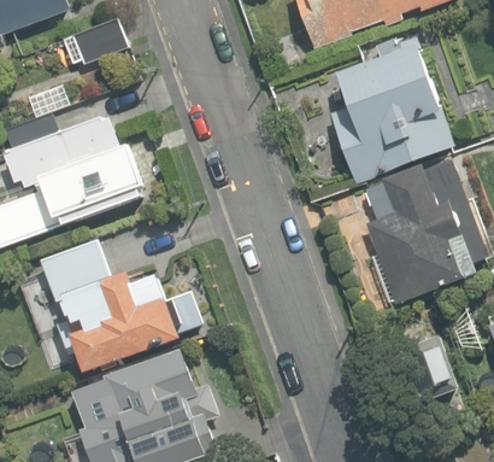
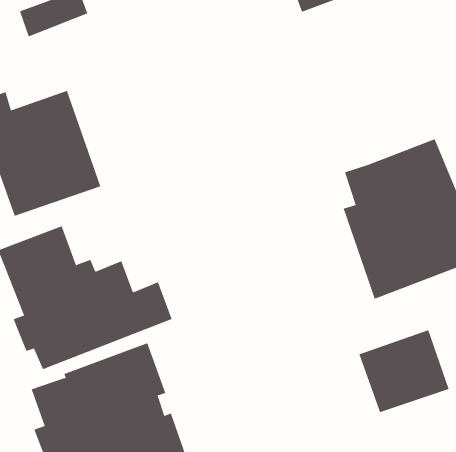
building: [327,35,455,186] -> none

